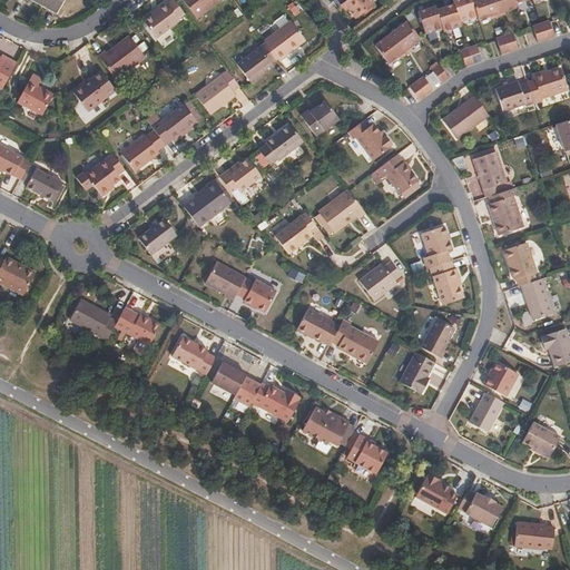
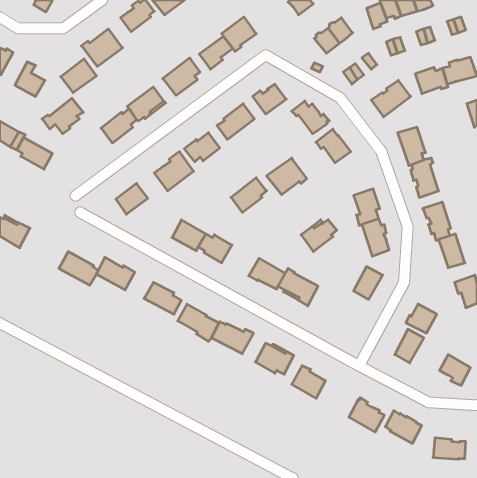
building: [417,6,443,33] -> none
building: [76,153,125,195] -> [42,98,83,134]
building: [400,352,435,393] -> none

